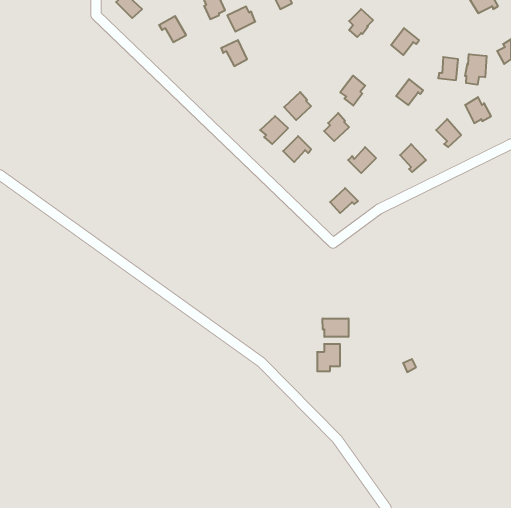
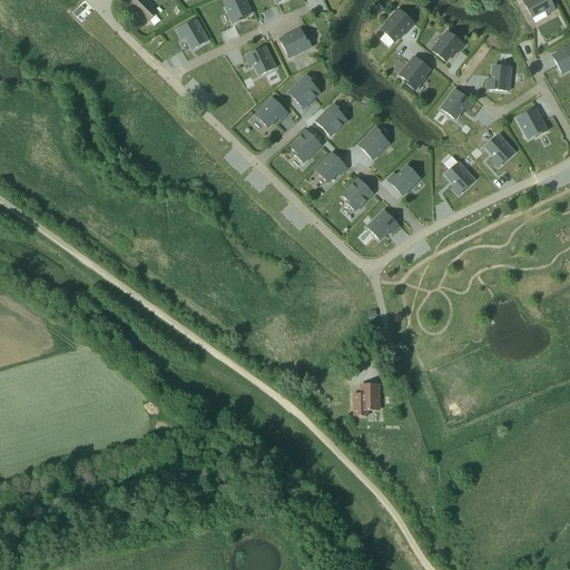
building: [227,7,255,32] -> [279,28,311,56]
building: [465,54,487,85] -> none
building: none -> [288,73,320,106]
building: [340,76,365,106] -> [403,57,431,90]
building: none -> [255,96,287,125]
building: none -> [342,177,372,209]
building: [323,318,348,337] -> none

